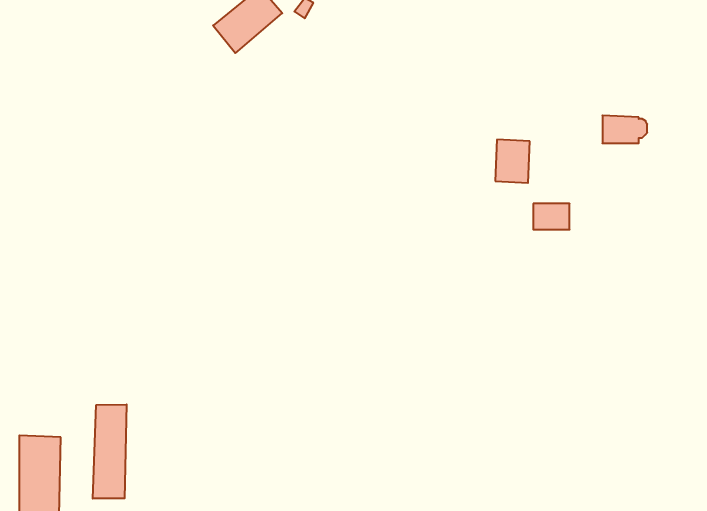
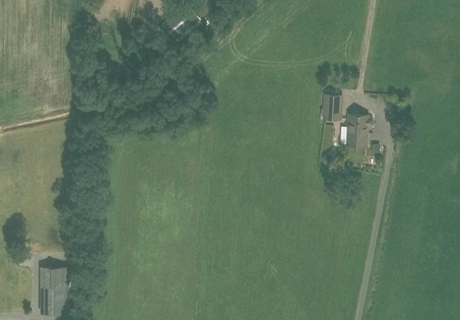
building: [602,115,647,143] -> [343,115,370,131]
building: [93,404,127,499] -> none

